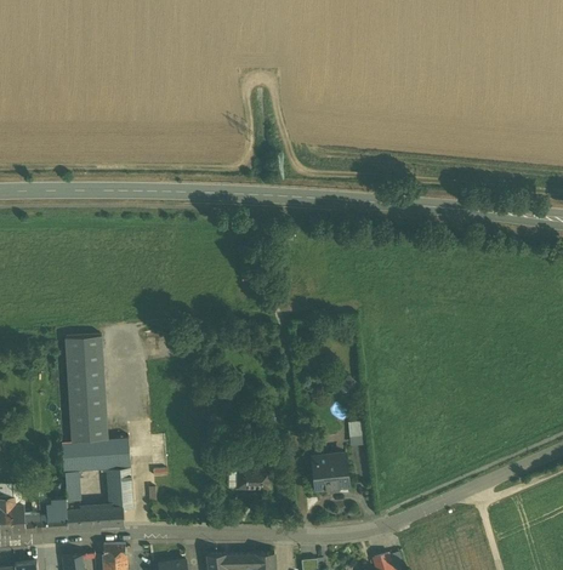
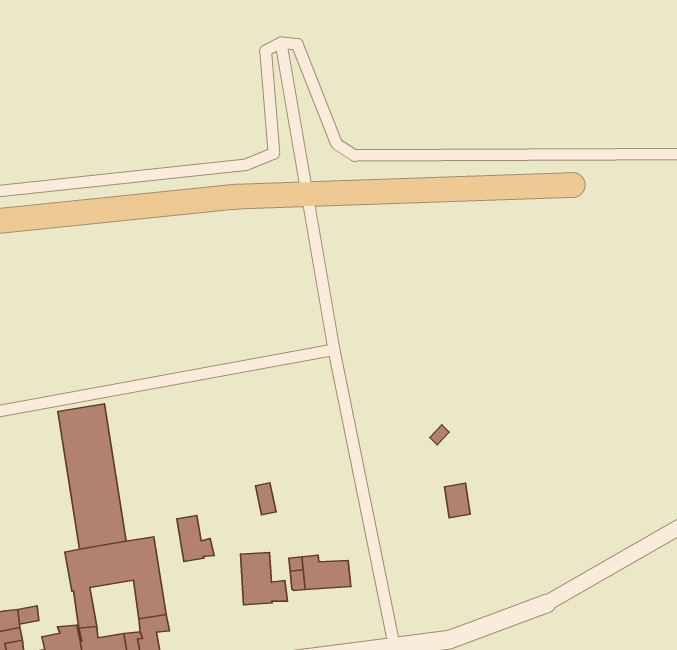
building: none -> [177,516,214,561]
building: [314,457,348,491] -> none
building: none -> [241,552,287,605]

